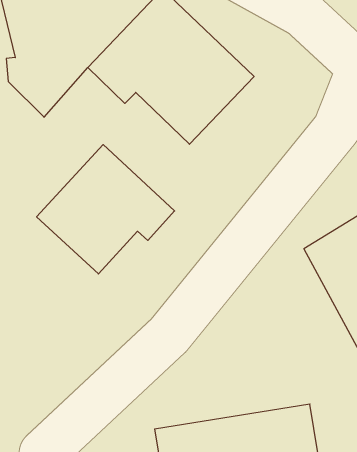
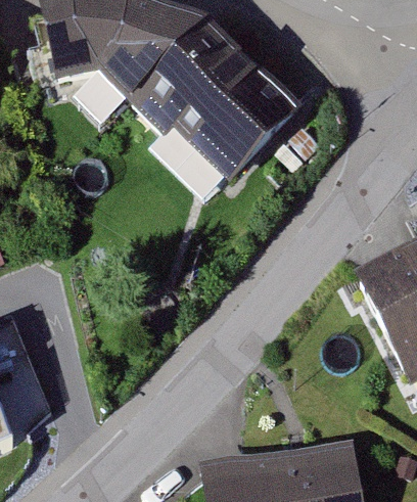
building: [37,145,175,274] -> none

